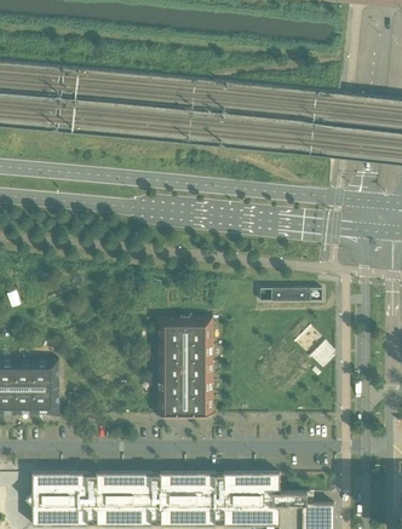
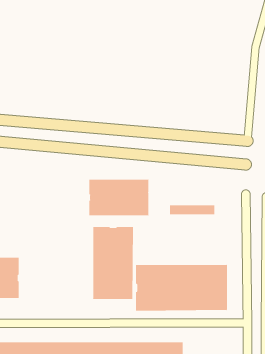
building: none -> [89,178,149,217]
building: none -> [134,263,228,313]

